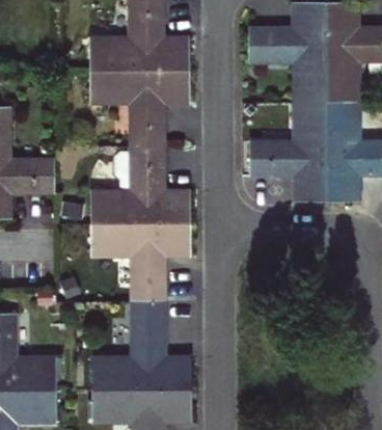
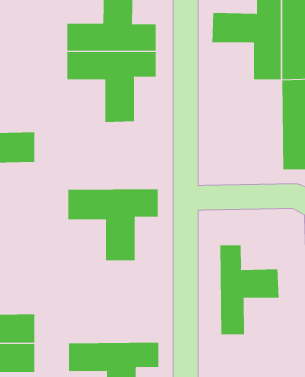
building: [249,102,327,200] -> none
building: [91,147,191,222] -> none
building: none -> [220,244,279,335]
building: [92,300,192,391] -> none

